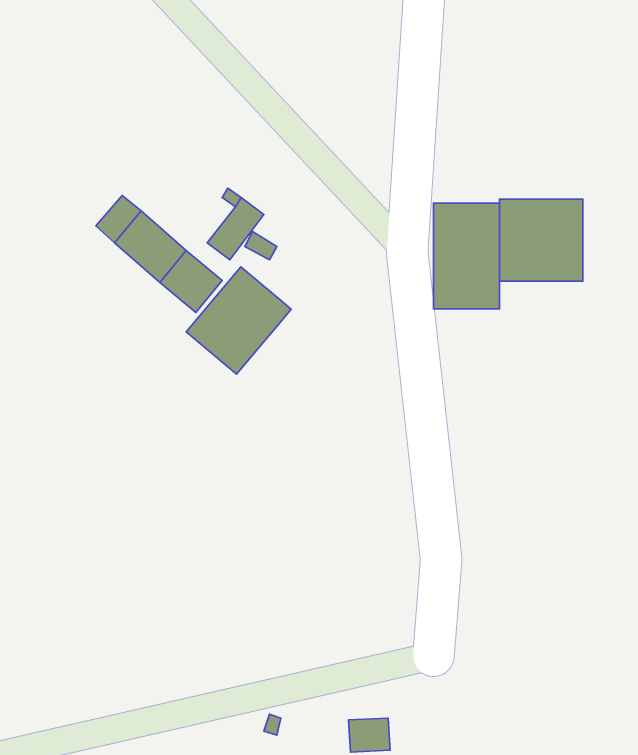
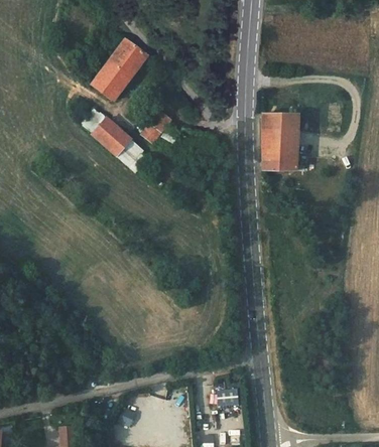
building: none -> [91,39,146,100]
building: [500,199,583,281] -> none
building: [186,267,291,374] -> none

